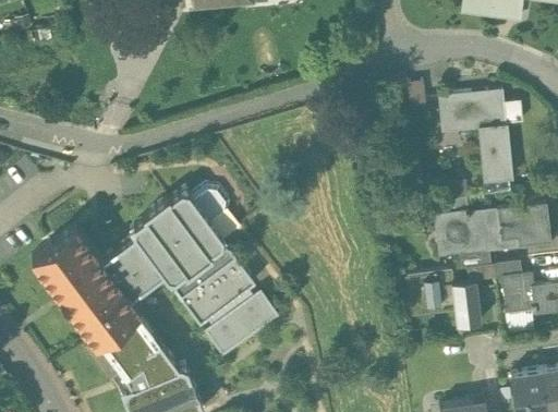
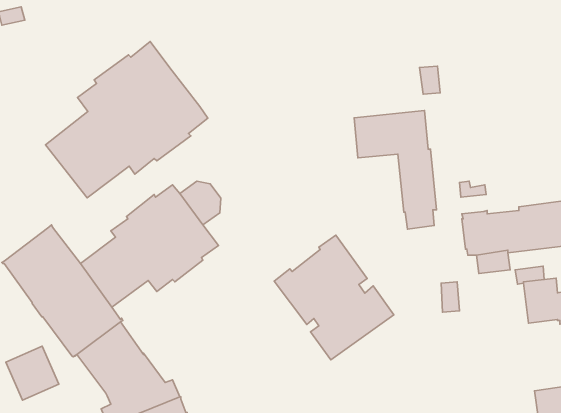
building: none -> [45,42,208,198]
building: [439,89,513,196] -> [354,111,437,229]
building: [171,243,279,355] -> [274,235,394,360]
building: [451,280,482,327] -> none
building: none -> [6,346,59,400]

